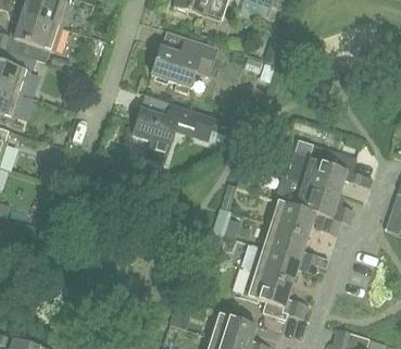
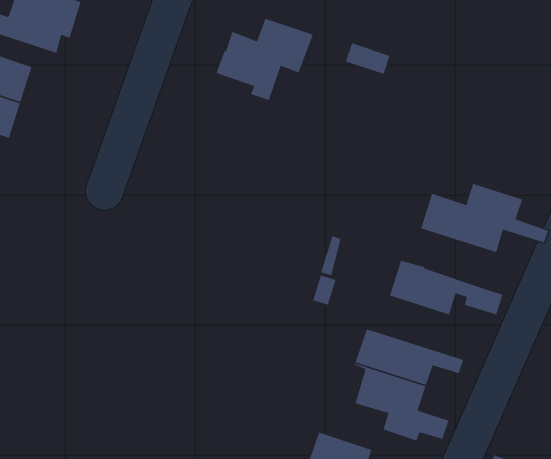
building: [131,103,234,163] -> none
building: [274,175,352,223] -> none
building: [259,222,327,266] -> none

